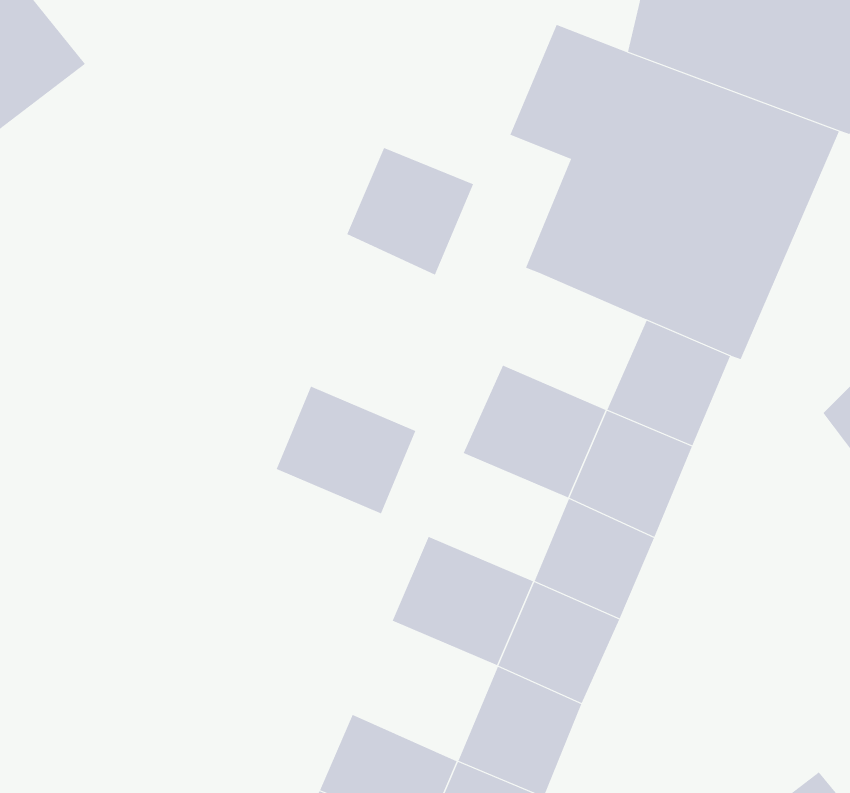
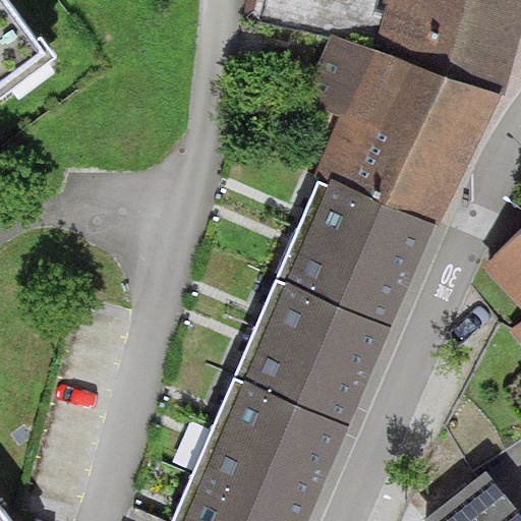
building: [347,147,474,275] -> none
building: none -> [296,186,381,267]
building: [276,386,416,514] -> [252,292,335,367]
building: none -> [208,391,293,473]

